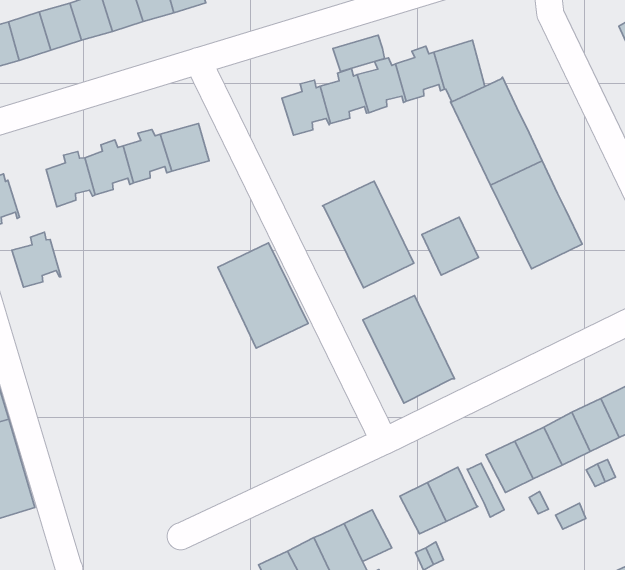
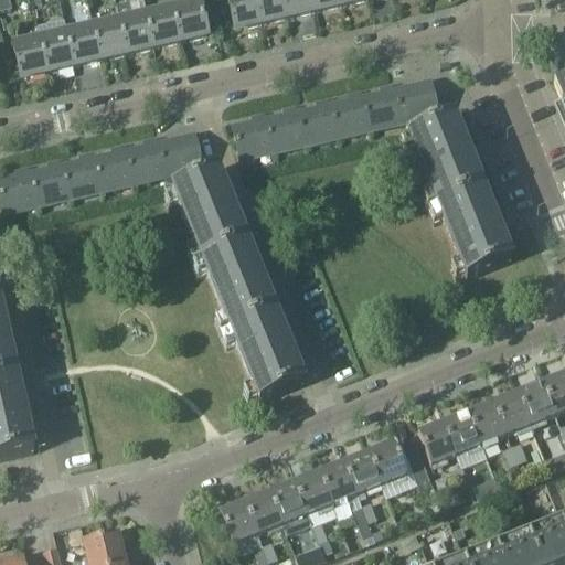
building: [333,35,385,71] -> none
building: none -> [235,110,276,156]
building: [322,181,414,288] -> [174,166,248,255]
building: [422,217,478,275] -> none
building: [12,232,61,287] -> [32,156,72,201]
building: [363,295,454,403] -> [232,308,306,398]
building: none -> [320,459,359,502]

